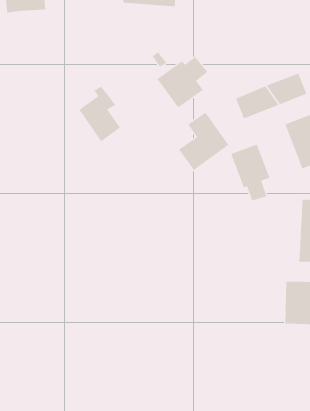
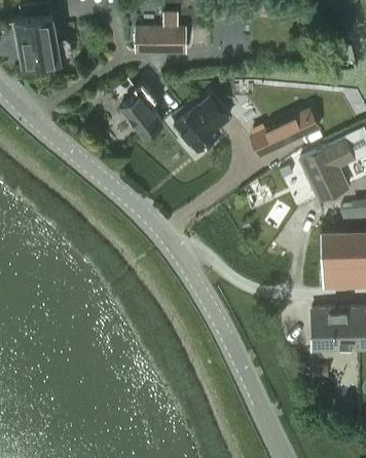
building: [78,86,121,142] -> [120,82,162,137]
building: [178,112,229,171] -> none
building: [230,144,270,201] -> none

